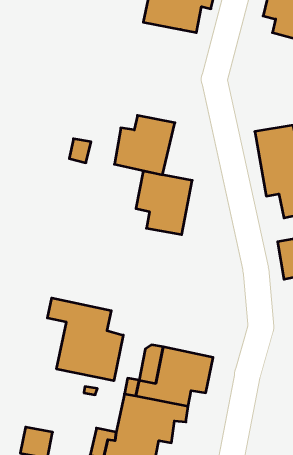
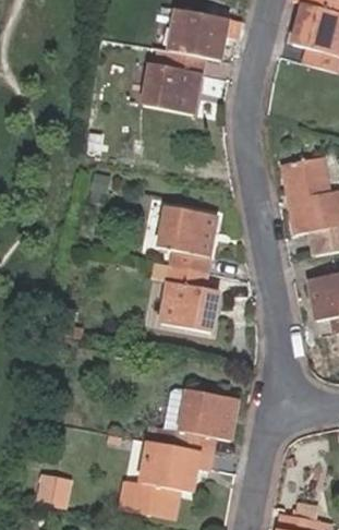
building: [114,115,175,175] -> [142,50,205,112]
building: none -> [159,266,219,330]
building: [47,298,123,381] -> none

